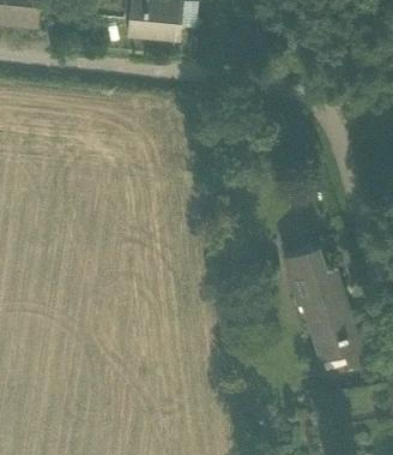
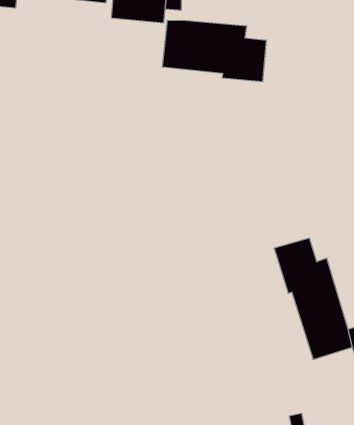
building: none -> [162,20,266,82]

